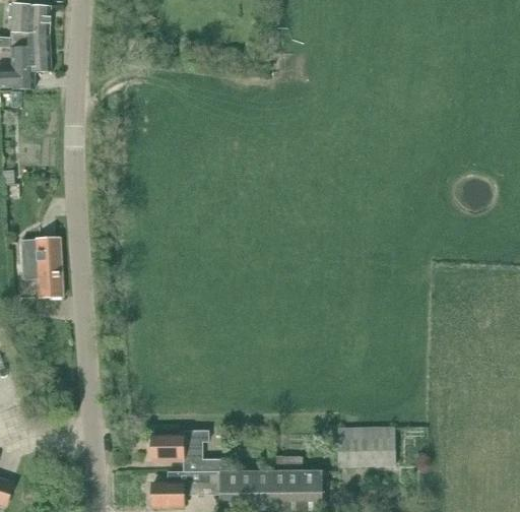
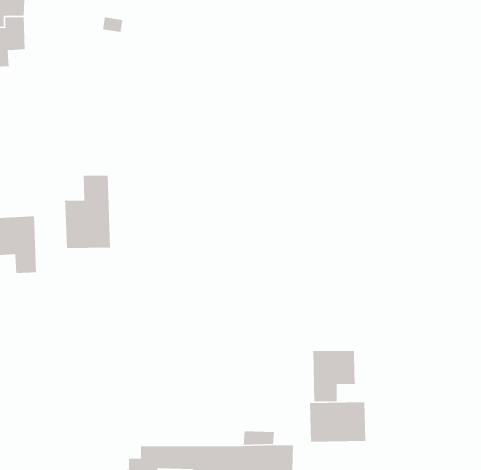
building: none -> [64,175,111,249]
building: none -> [313,350,356,402]
building: [148,430,220,469] -> none

